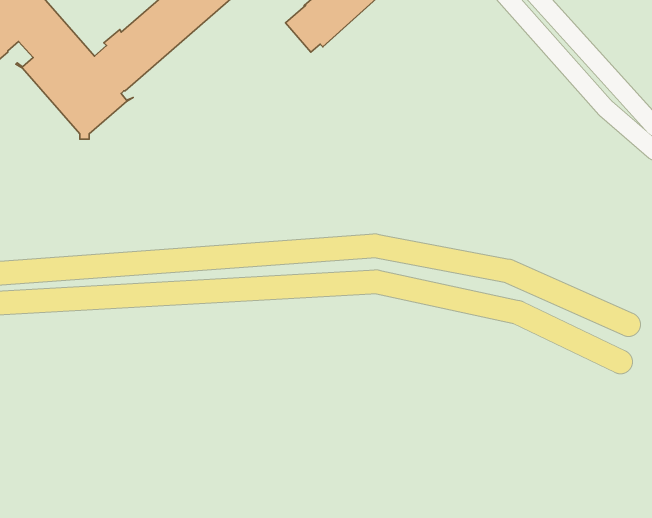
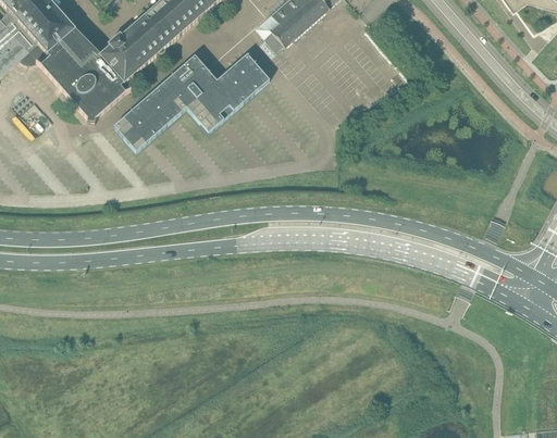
building: none -> [113,53,269,151]

